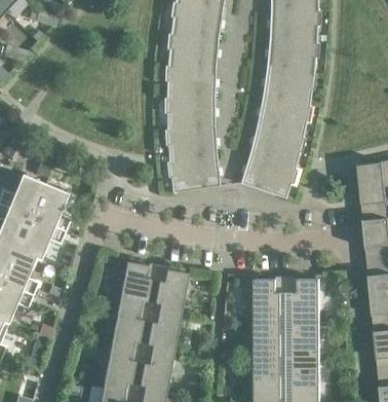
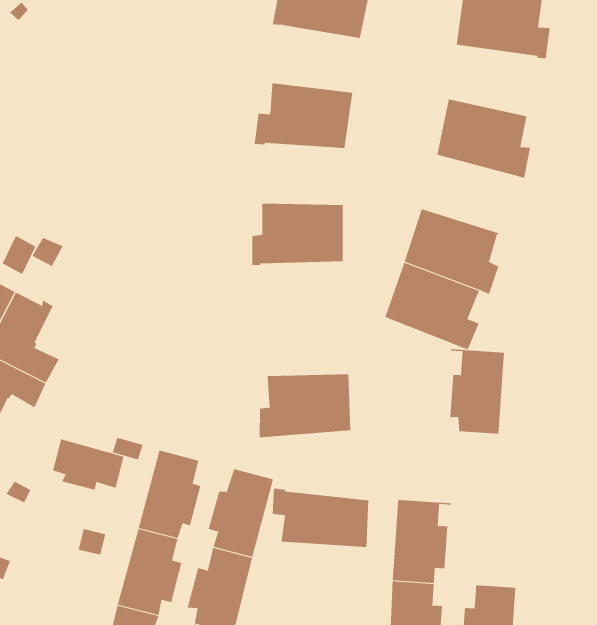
building: [167,34,218,67] -> none
building: [266,38,315,74] -> none
building: [166,97,215,130] -> none
building: [256,97,306,138] -> none
building: [170,156,220,193] -> [259,374,351,438]
building: none -> [52,438,124,491]
building: none -> [272,488,369,548]
building: [290,279,319,322] -> [450,349,505,434]

